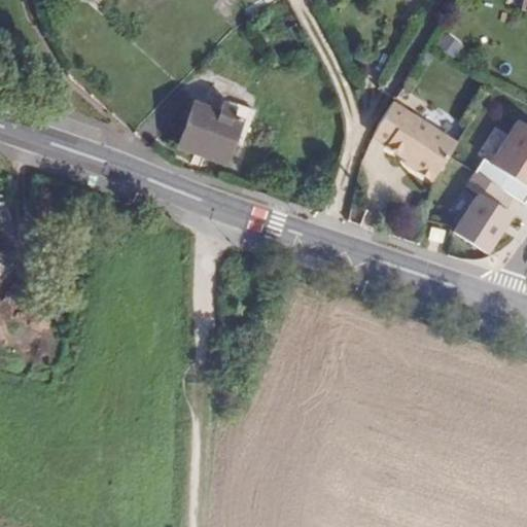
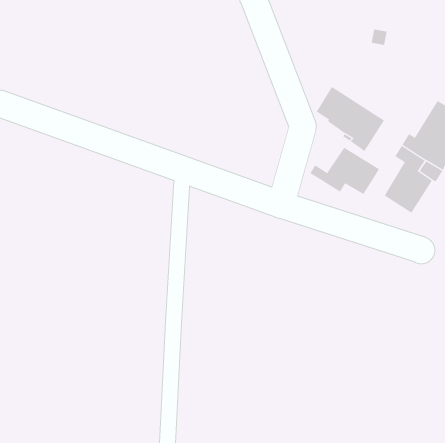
building: [178,102,253,160] -> none
building: none -> [309,147,380,195]

